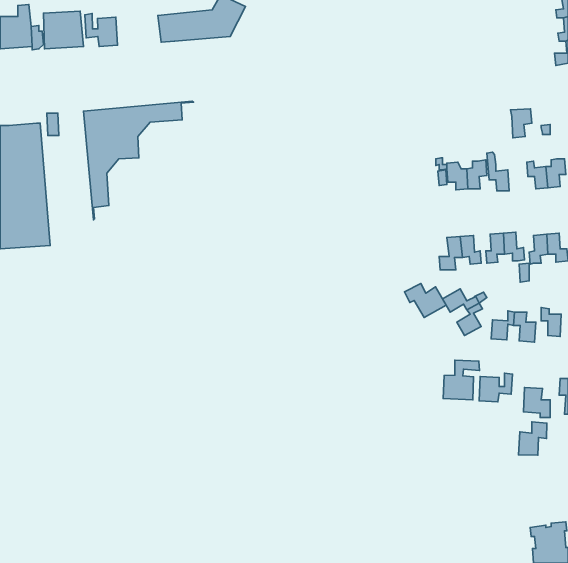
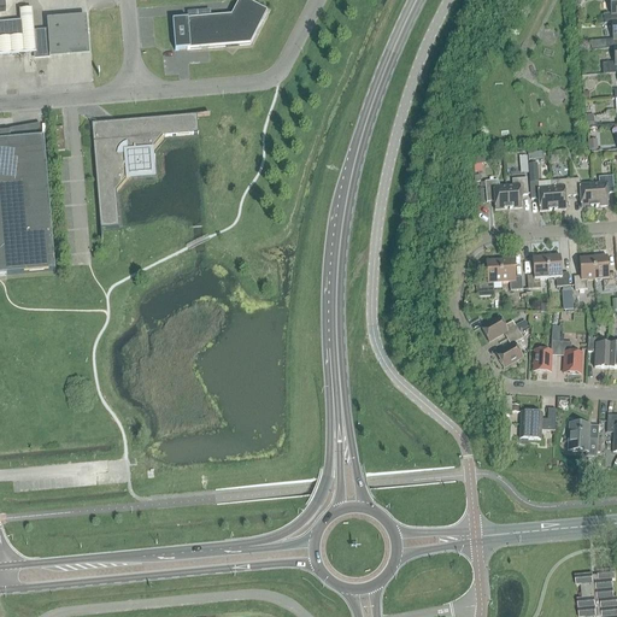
building: [85,13,117,47] -> none
building: [511,109,532,138] -> [550,176,572,207]
building: [405,284,446,318] -> none
building: [443,360,479,400] -> none
building: [519,422,547,455] -> none

